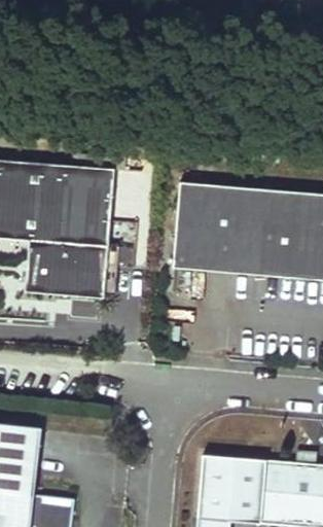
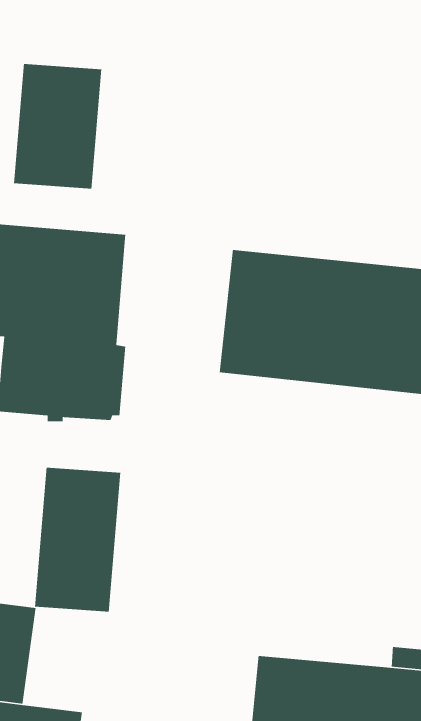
building: none -> [13,63,102,190]
building: none -> [34,467,121,612]

